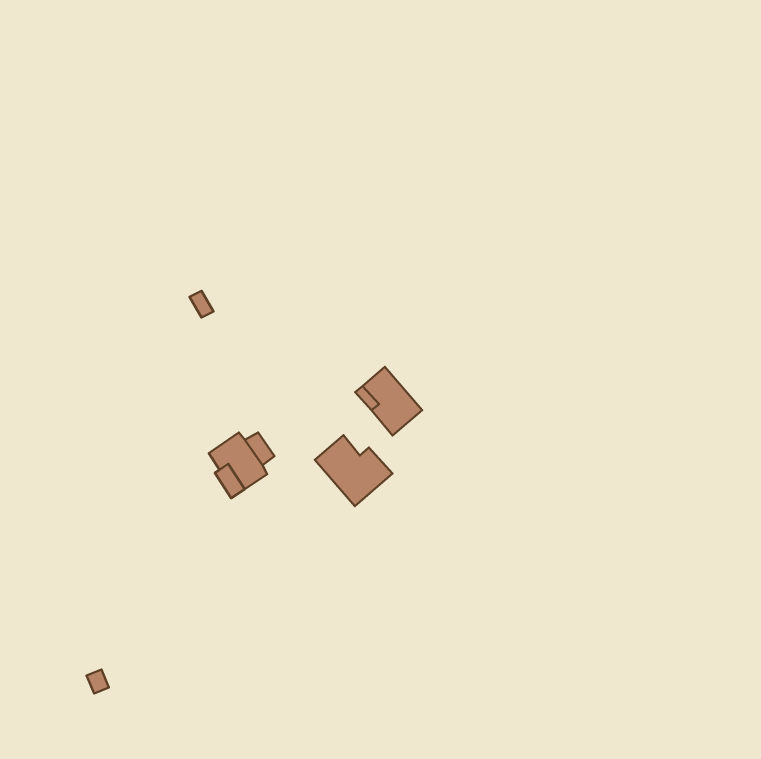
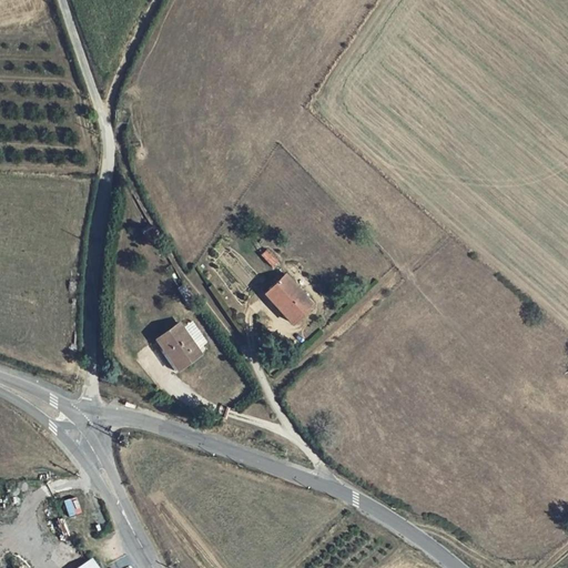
building: [315,435,393,506] -> none

